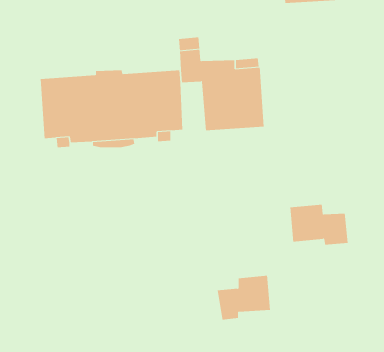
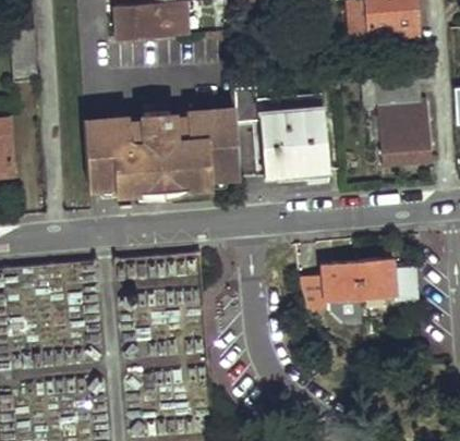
building: none -> [376,75,431,168]
building: [217,275,271,320] -> [300,261,359,310]

